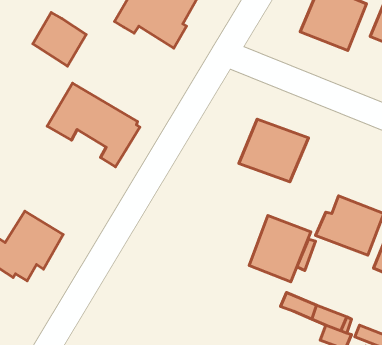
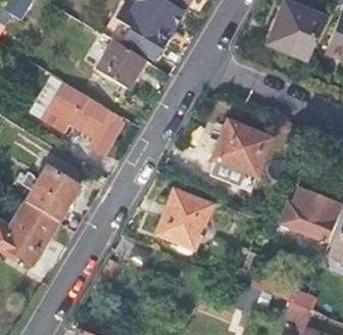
building: [33,13,86,66] -> [95,40,142,87]
building: none -> [24,168,78,222]
building: [249,215,311,282] -> [157,190,211,248]

